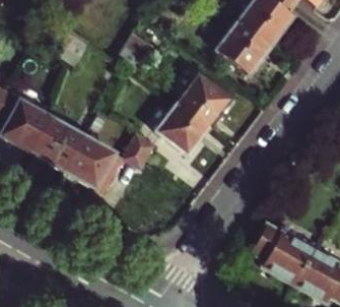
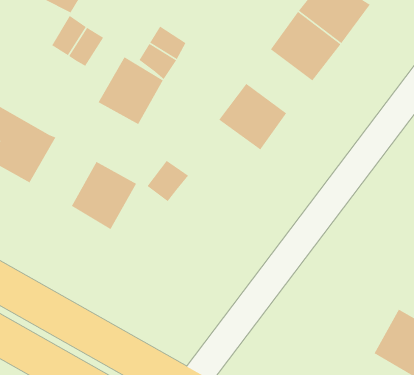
building: [156,104,209,156] -> none
building: [32,117,83,170] -> [97,56,164,125]
building: [252,221,315,283] -> none

